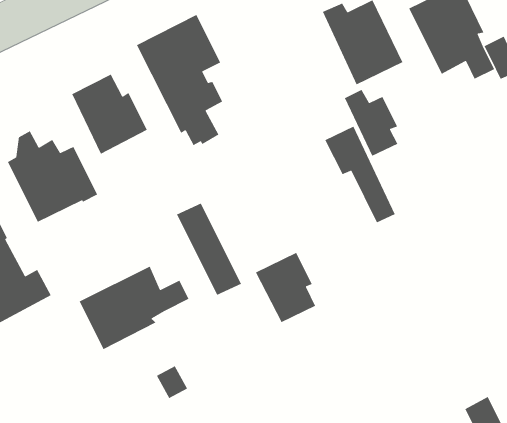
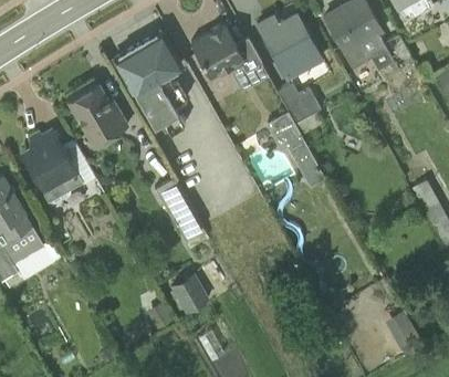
building: none -> [190,24,268,90]
building: [255,252,316,323] -> none
building: [79,266,190,350] -> none
building: none -> [169,272,209,313]

